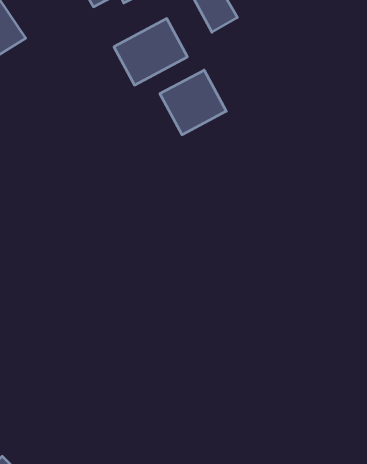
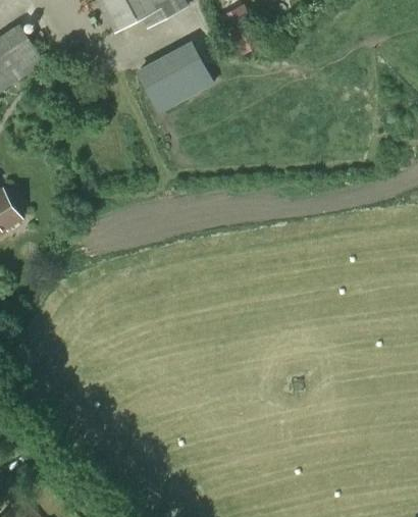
building: [160,70,226,135] -> none

